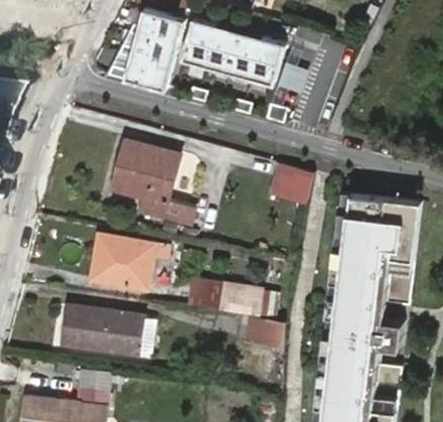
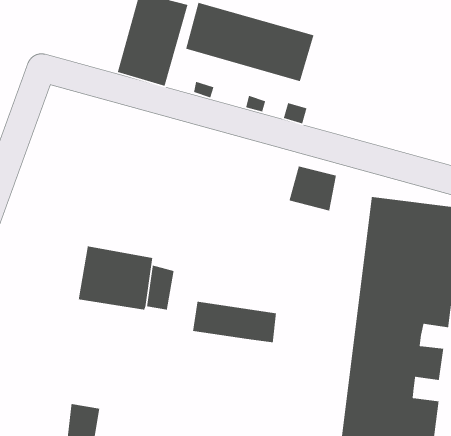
building: [113,140,196,228] -> none
building: [63,304,144,353] -> none
building: [235,313,286,345] -> none

